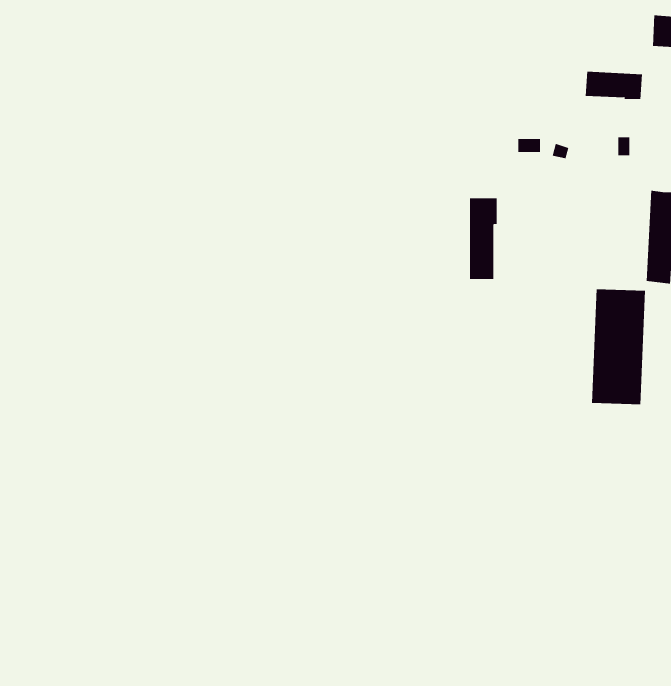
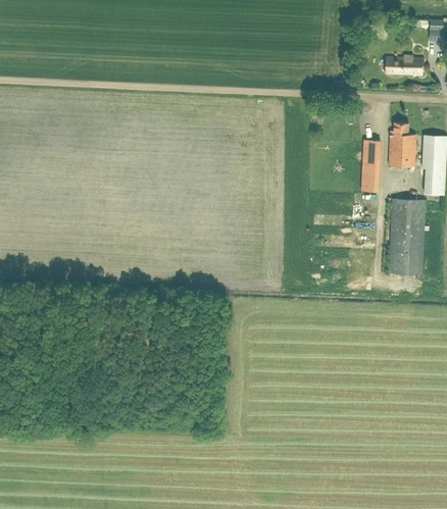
building: none -> [388,122,415,166]
building: [469,198,497,279] -> [362,134,381,187]

